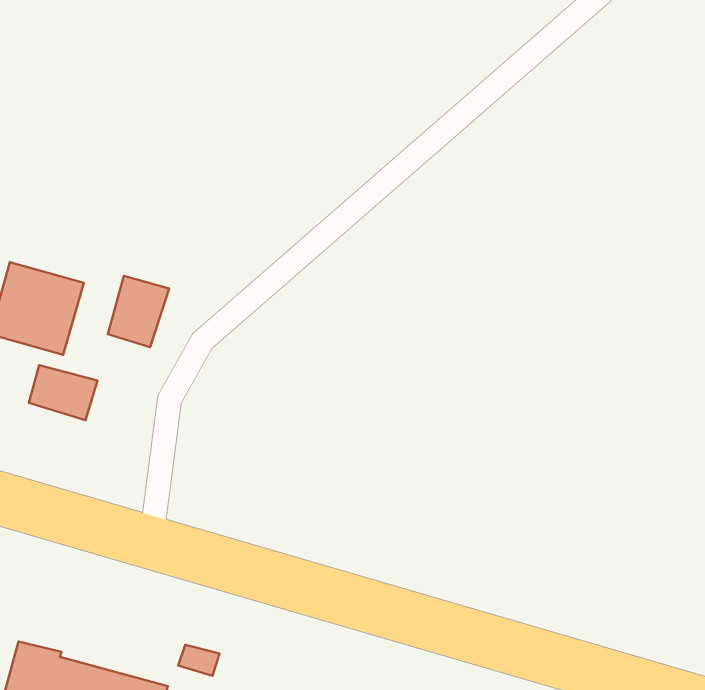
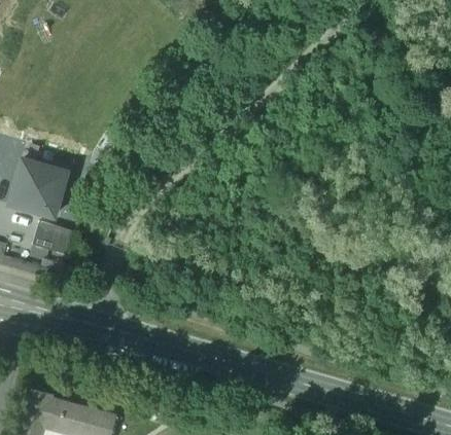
building: [108,276,169,347] -> none

